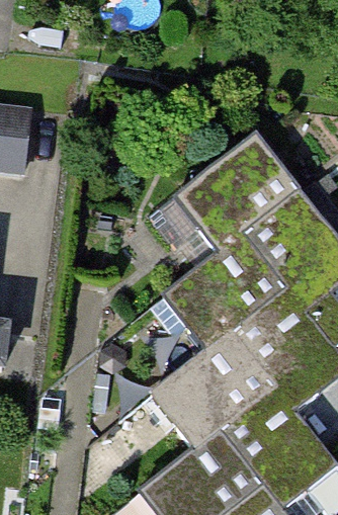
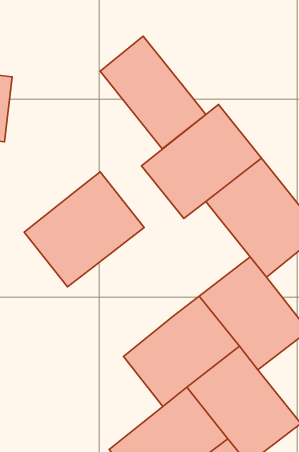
building: none -> [100,36,206,149]
building: [159,236,285,357] -> [24,172,144,287]

